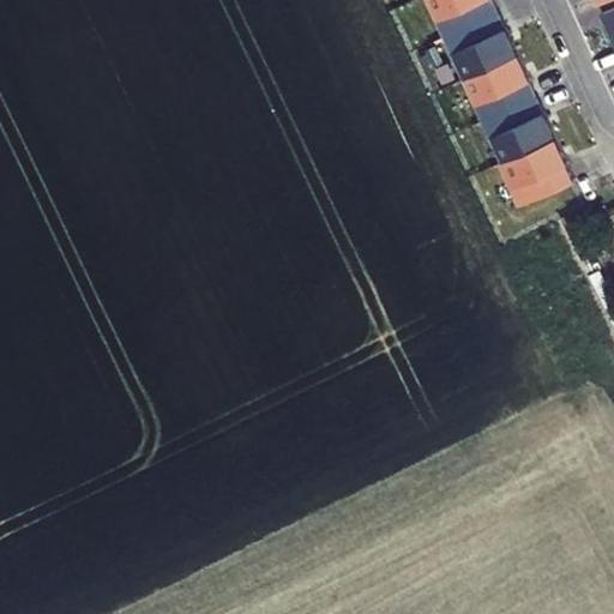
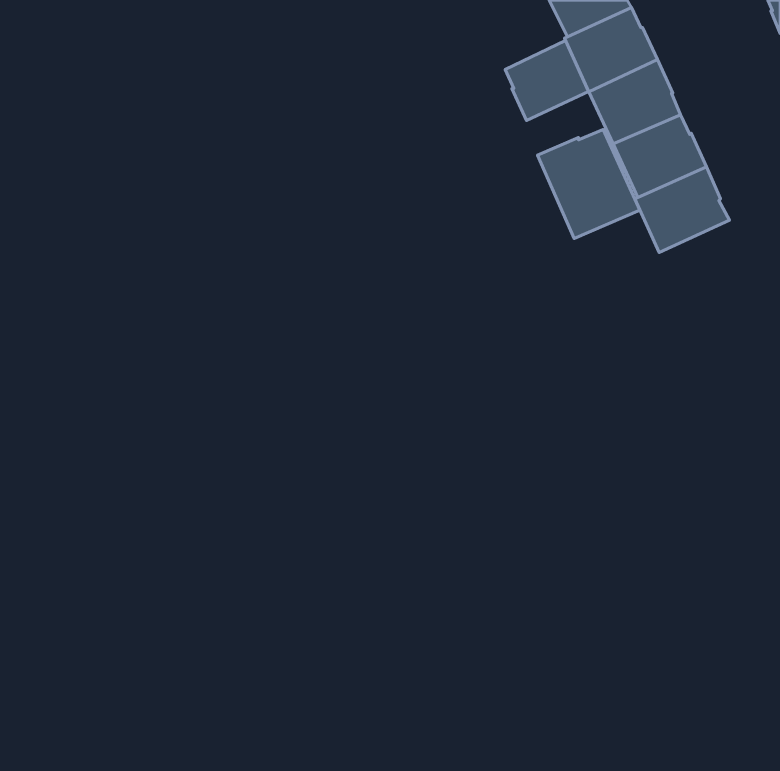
building: none -> [505,41,589,121]
building: none -> [537,130,640,238]

